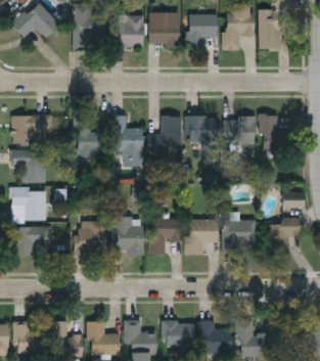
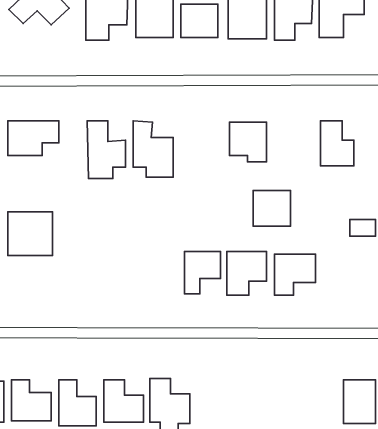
building: [162,116,181,146] -> none
building: [225,117,255,145] -> [253,190,290,226]
building: [12,149,46,181] -> none
building: [269,217,301,237] -> none
building: [76,221,105,254] -> none
building: [111,221,142,252] -> none
building: [12,227,52,256] -> none
building: [237,319,270,356] -> none
building: [162,321,194,348] -> none
building: [198,321,231,353] -> none

